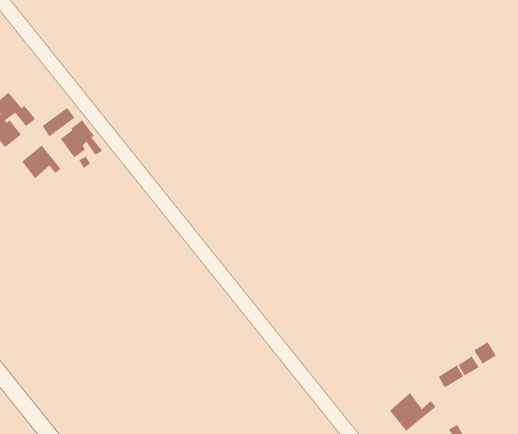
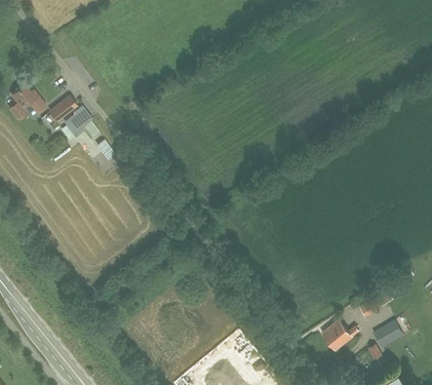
building: [21,144,62,179] -> none
building: none -> [374,323,402,349]

